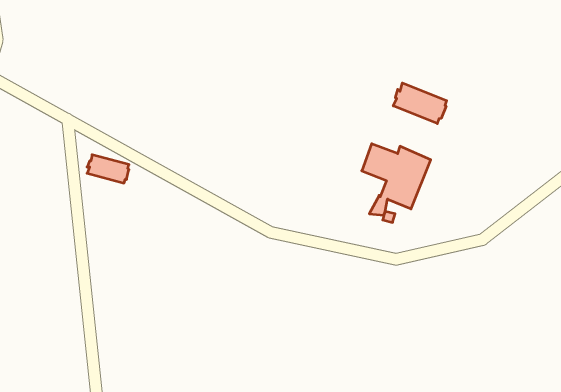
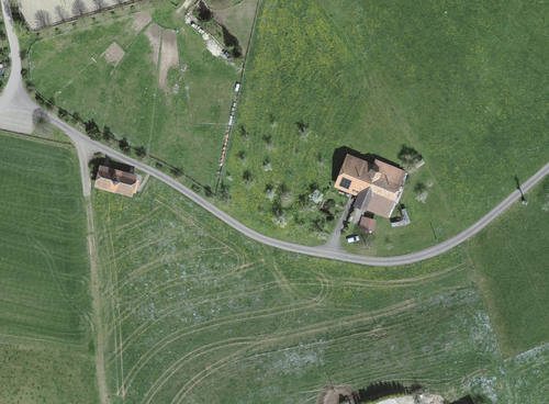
building: [393,83,447,124] -> none

